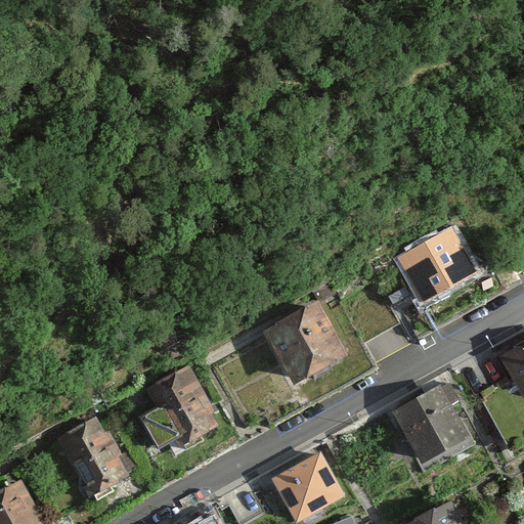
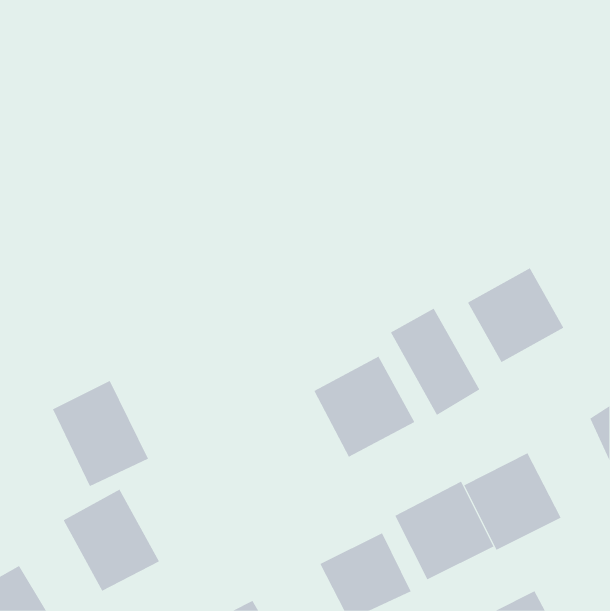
building: none -> [390,308,480,416]
building: [138,362,220,452] -> [52,380,149,487]
building: none -> [394,481,494,580]

